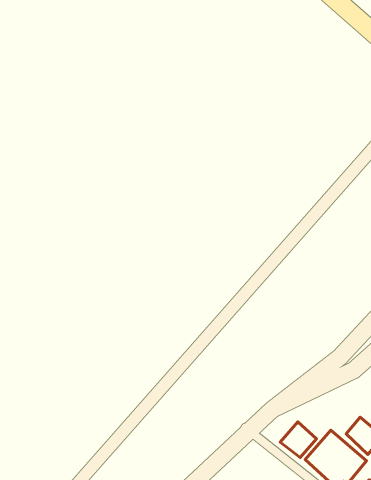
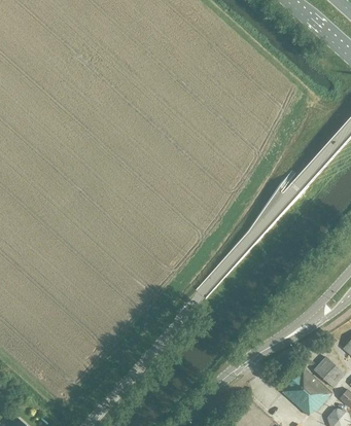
building: [280,422,317,458] -> none

